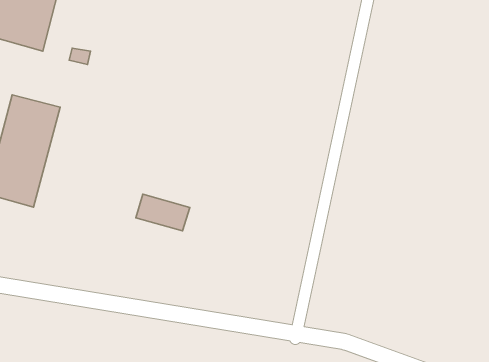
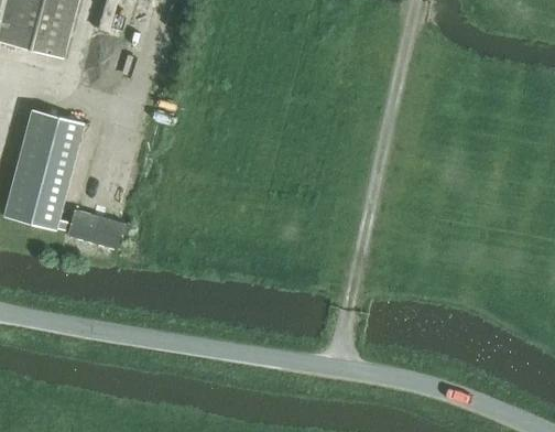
building: [136,194,190,231] -> [68,210,127,250]

